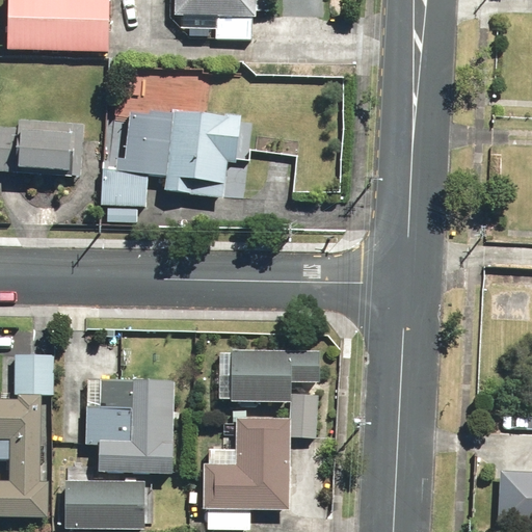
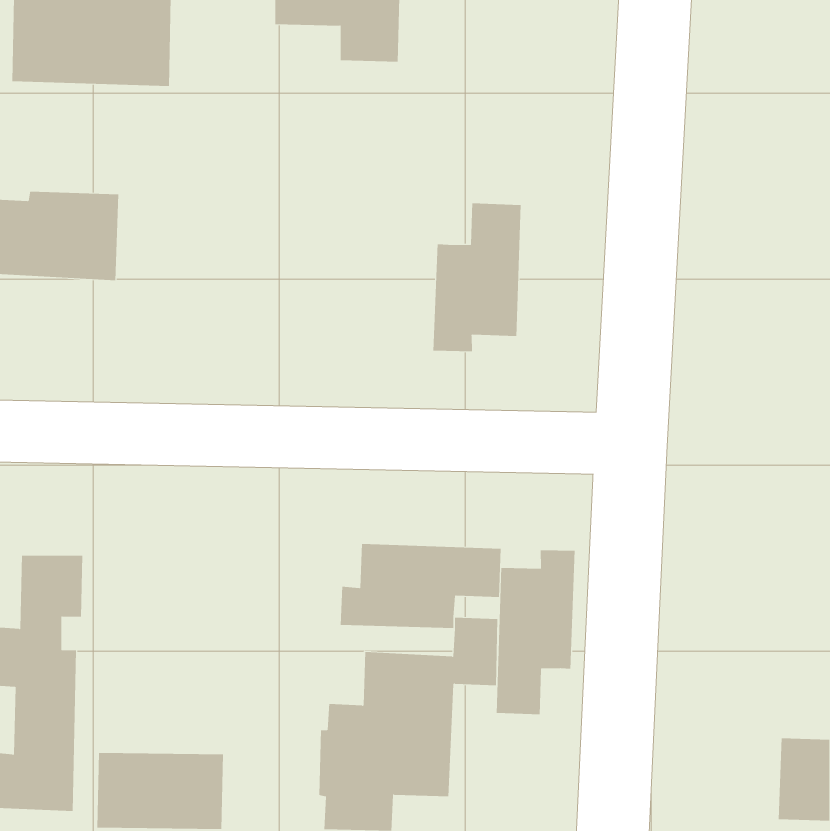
building: [102,111,246,223] -> none
building: none -> [433,203,521,352]
building: none -> [496,549,575,715]
building: [85,379,172,472] -> none

